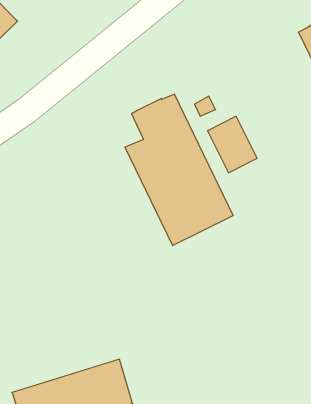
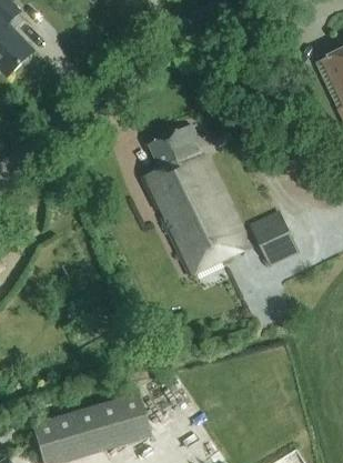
building: [207,116,257,173] -> [250,210,300,266]

